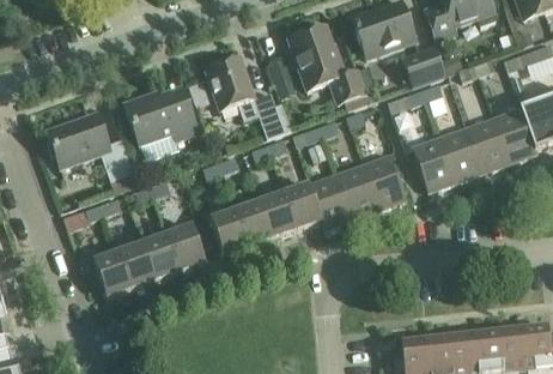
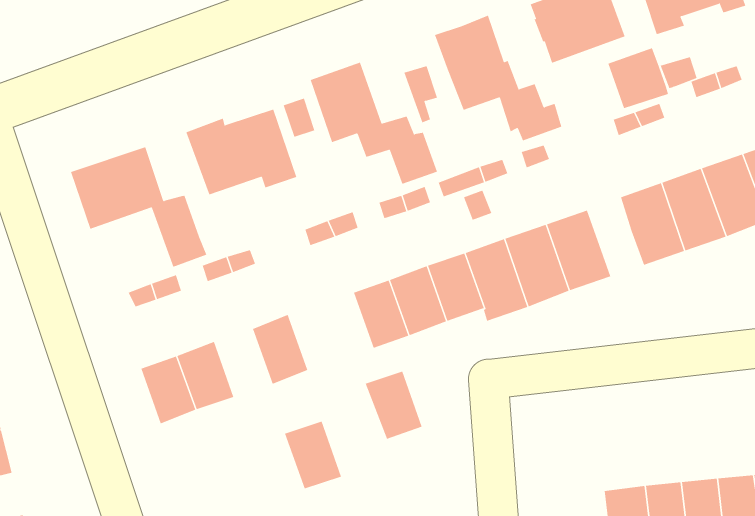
building: [209,210,248,255] -> [365,371,423,439]
building: [142,234,181,279] -> [284,421,342,489]

